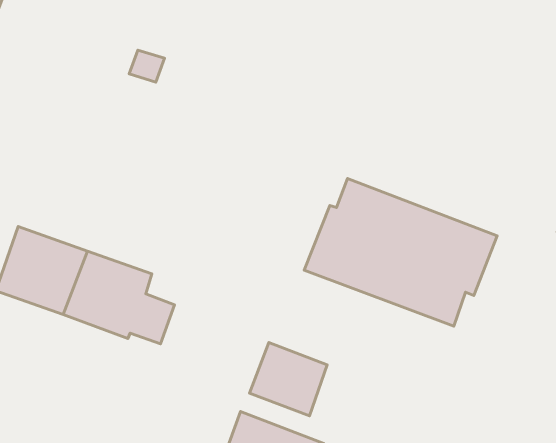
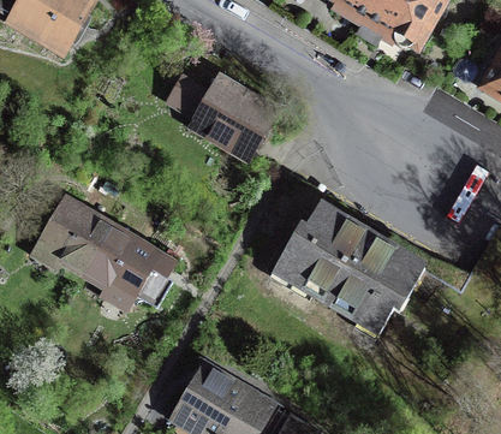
building: none -> [189,76,276,157]
building: [249,342,327,416] -> none

